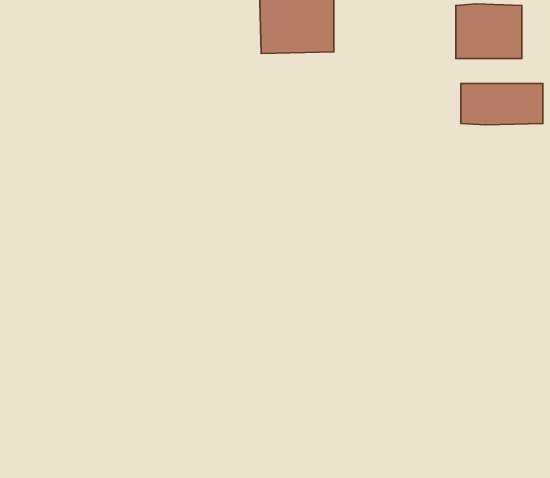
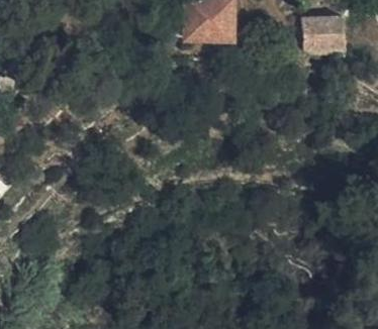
building: [461,83,543,125] -> none

